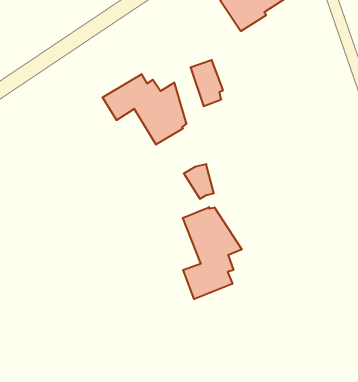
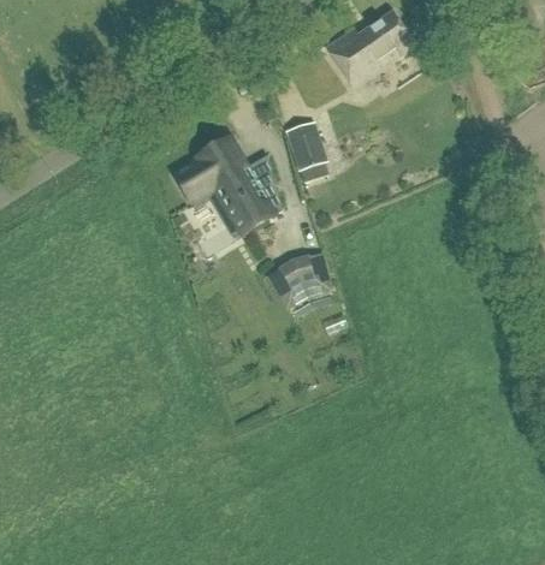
building: [183,207,242,299] -> none

